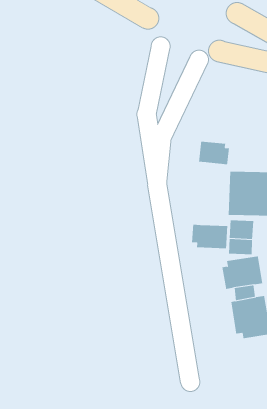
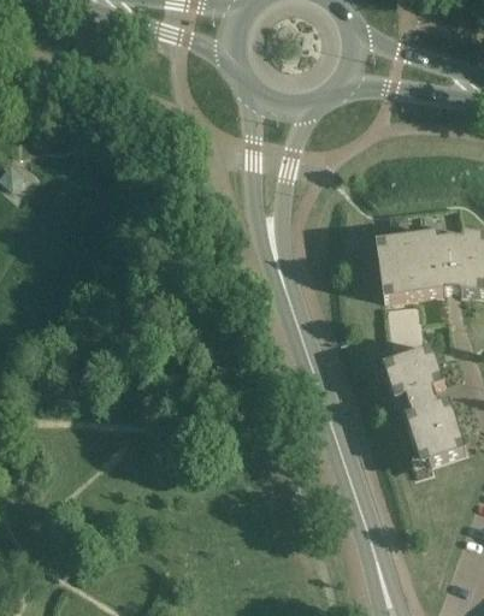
building: [198,141,230,165] -> none
building: [192,224,228,249] -> none

